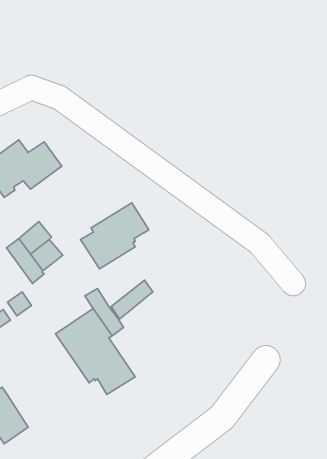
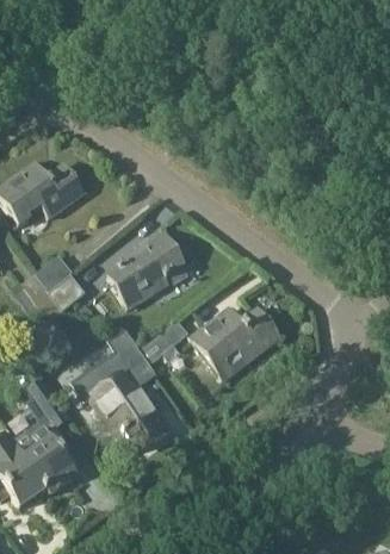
building: none -> [190,306,280,380]
building: none -> [21,379,79,494]

